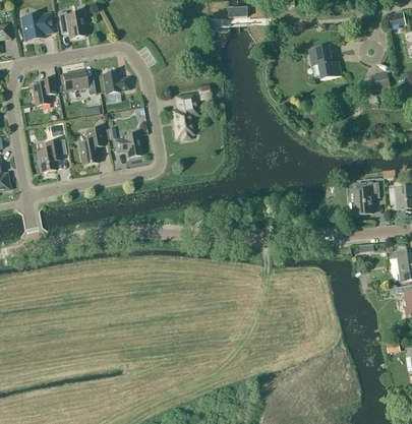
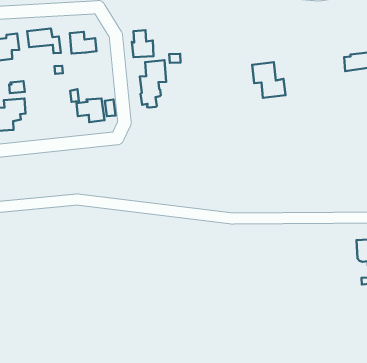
building: [308,45,342,79] -> [252,62,285,98]
building: none -> [132,30,154,57]
building: [78,128,104,165] -> none
building: [353,182,379,213] -> none

